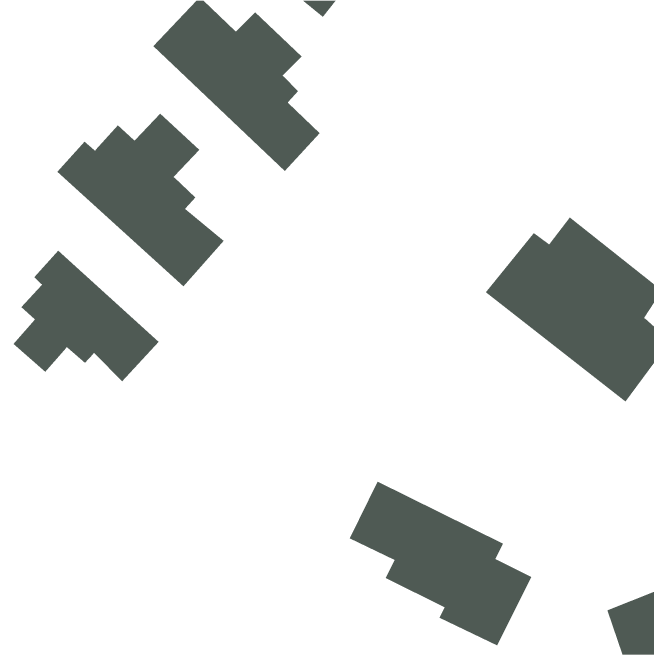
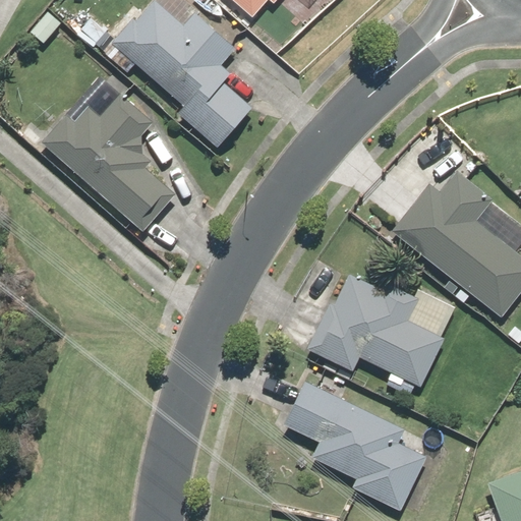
building: [13,250,159,382] -> none
building: none -> [302,276,457,401]

